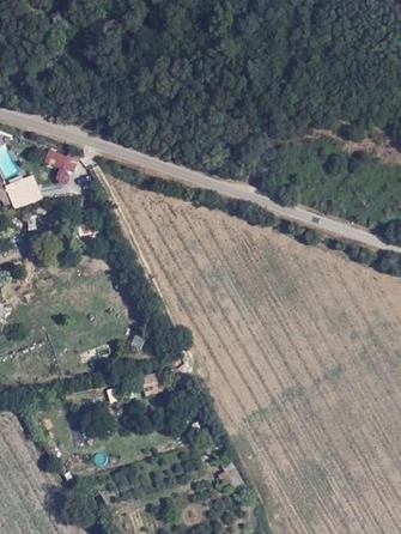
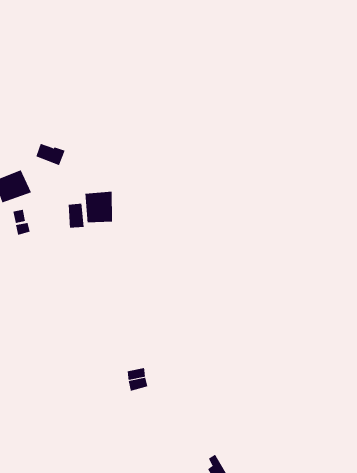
building: none -> [85,191,113,223]

